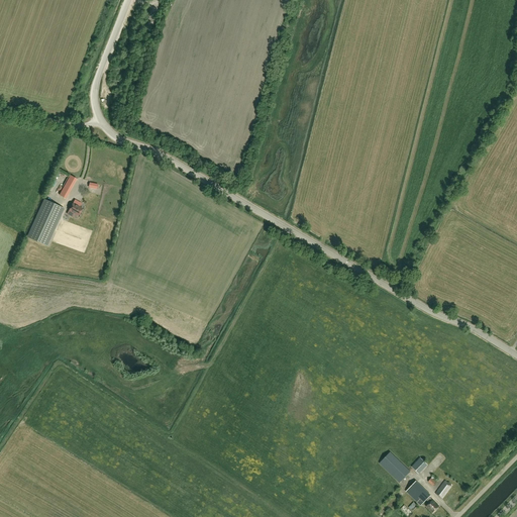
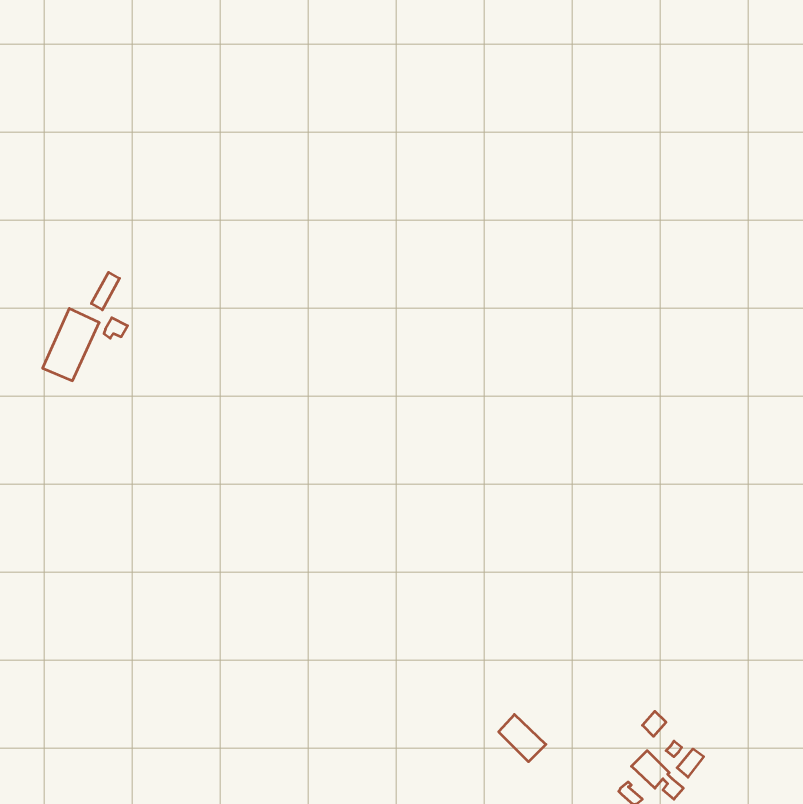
building: [379,452,409,483] -> [499,714,546,762]

